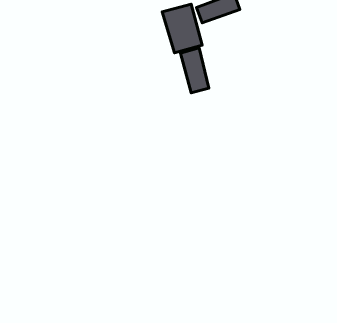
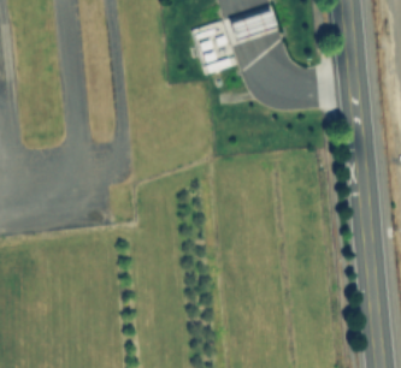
building: [181,48,209,93] -> none

